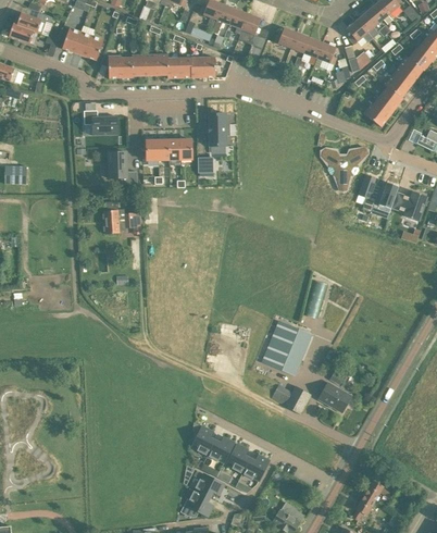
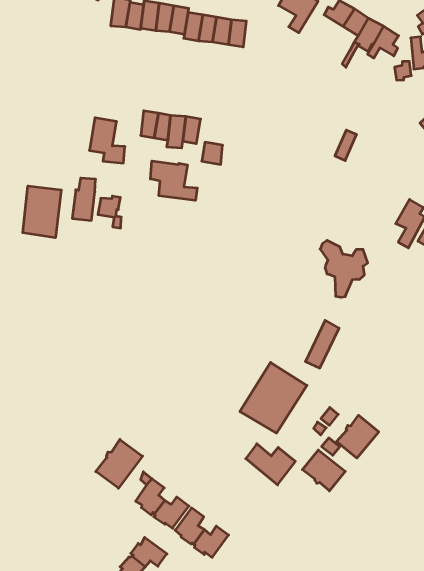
building: [84,109,117,134] -> none
building: [208,112,229,145] -> none
building: [321,147,360,189] -> [320,240,368,297]
building: none -> [150,161,197,200]
building: none -> [23,186,61,238]
building: none -> [337,415,379,458]
building: none -> [96,439,143,488]

